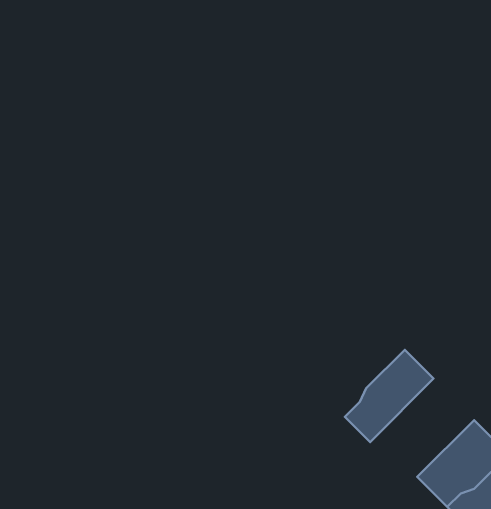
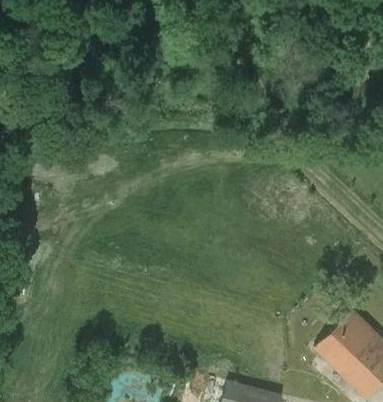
building: [345,350,434,442] -> none

